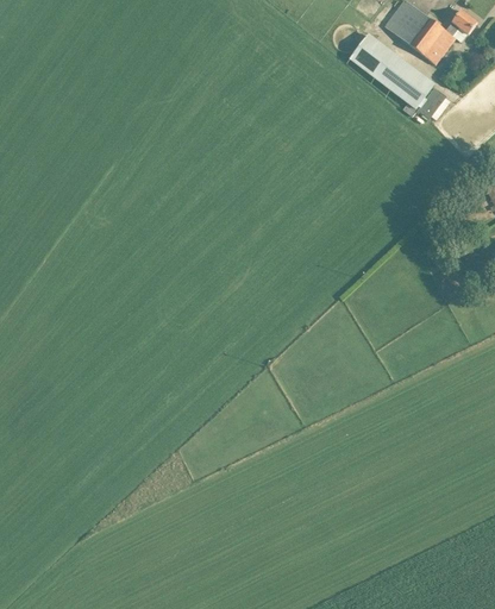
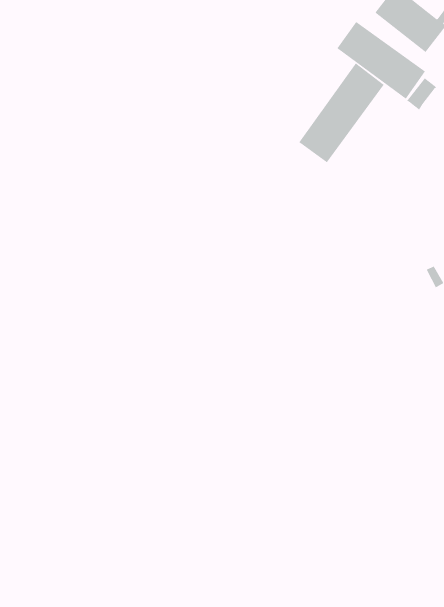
building: none -> [298,63,385,163]

